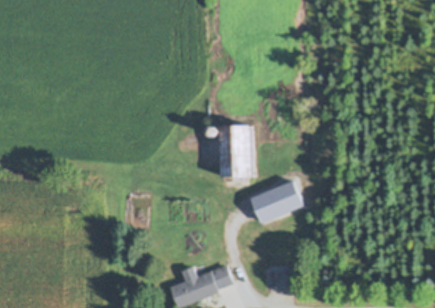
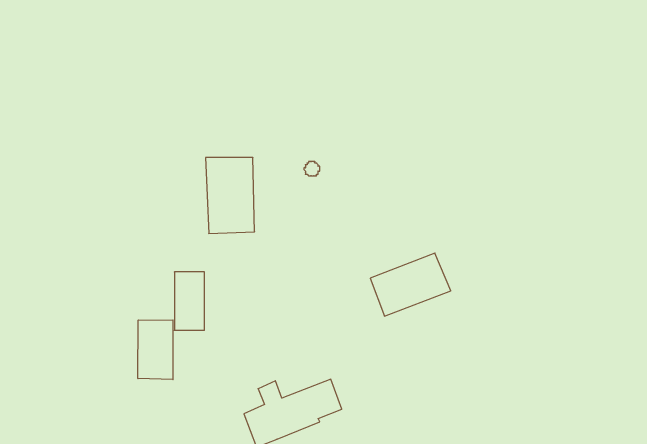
building: [224,129,255,177] -> [206,158,255,233]
building: none -> [138,320,173,380]

